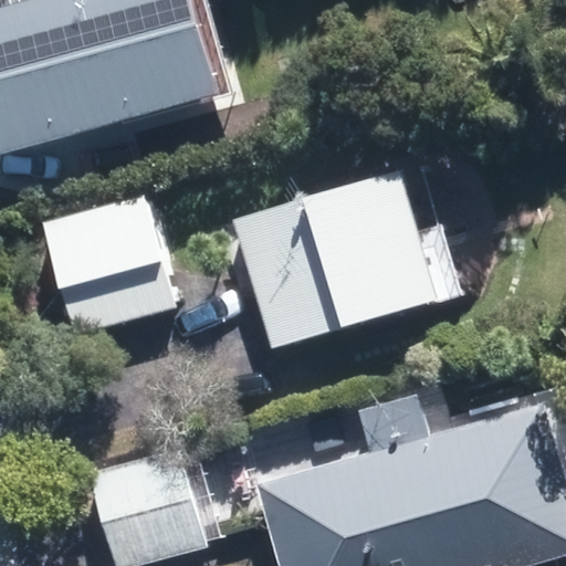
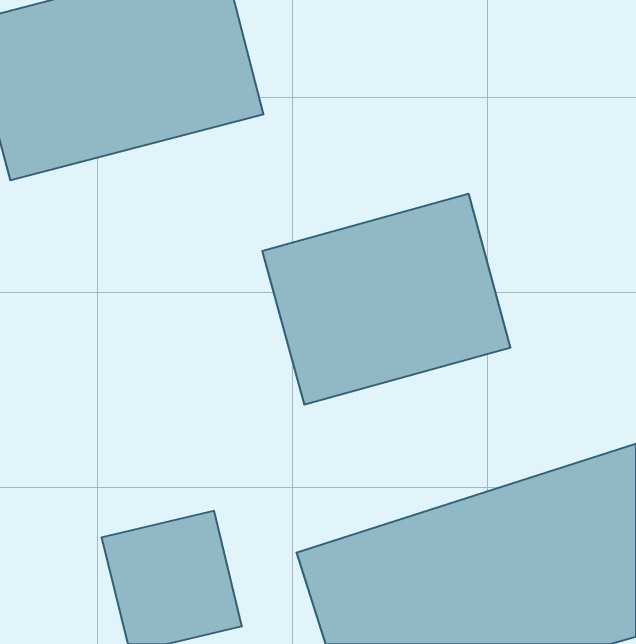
building: [45,189,178,336] -> none

